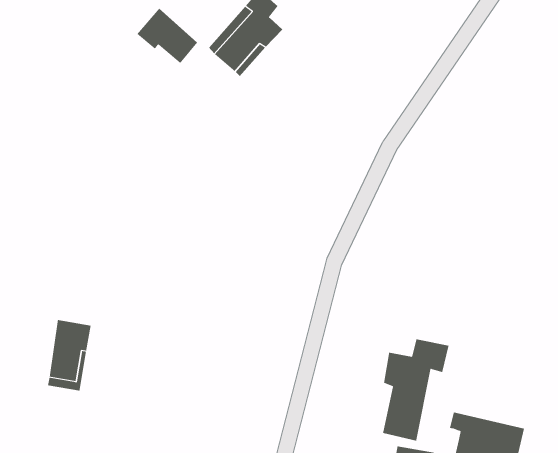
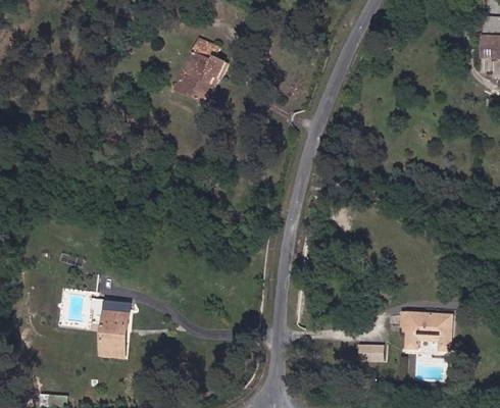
building: [137,8,198,64] -> none
building: [382,338,449,441] -> none

